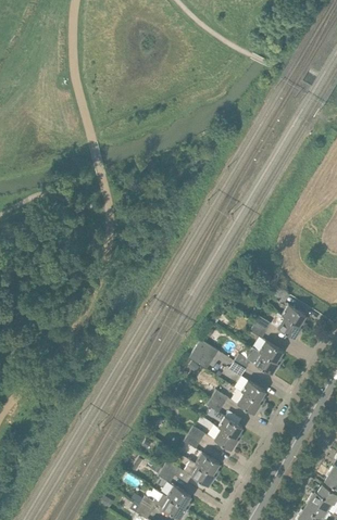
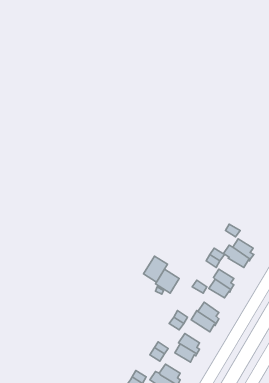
building: none -> [143,256,168,282]

